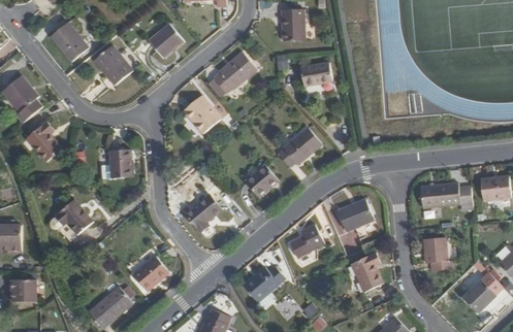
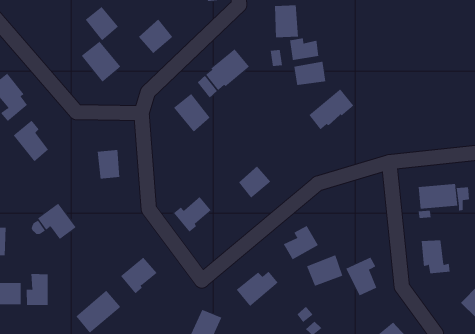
building: [55,27,88,61] -> [85,6,119,41]
building: none -> [290,37,319,61]
building: [277,128,321,168] -> [309,89,354,130]
building: [340,198,376,229] -> [306,254,343,286]
building: none -> [26,273,48,306]

